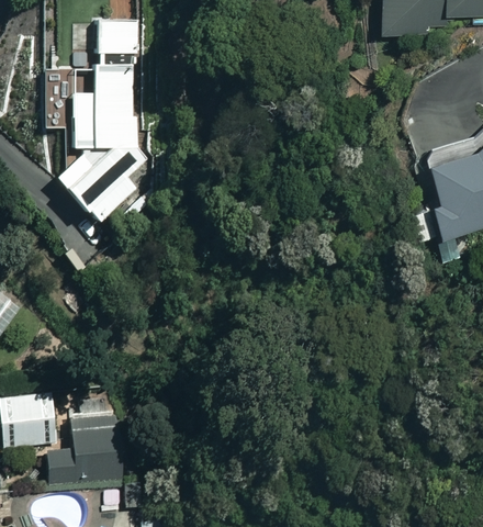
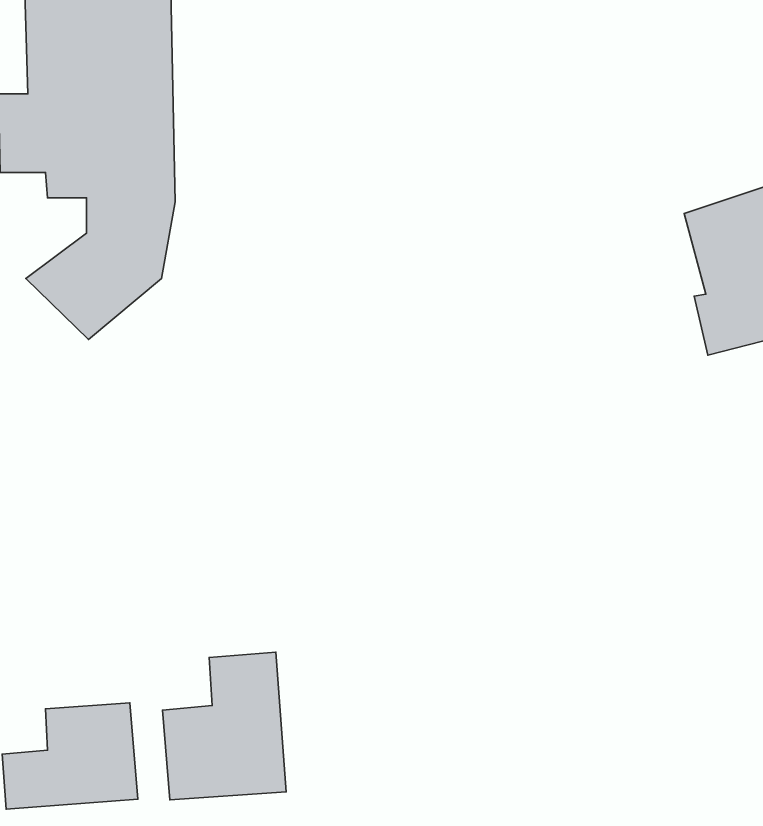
building: none -> [163,652,286,800]

